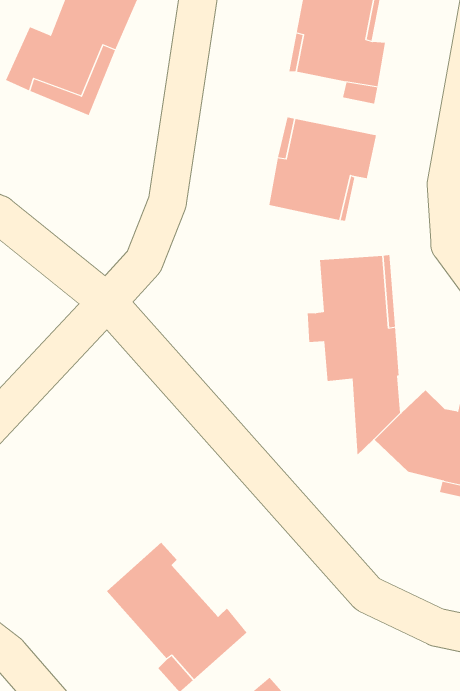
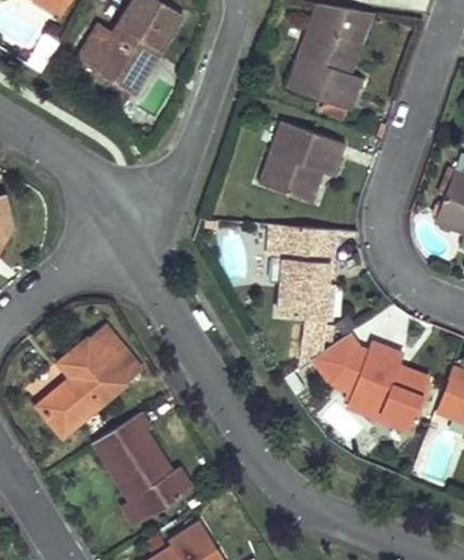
building: none -> [38,322,144,434]

